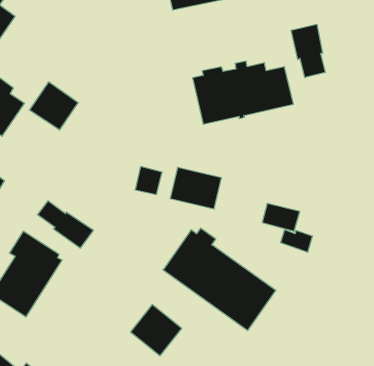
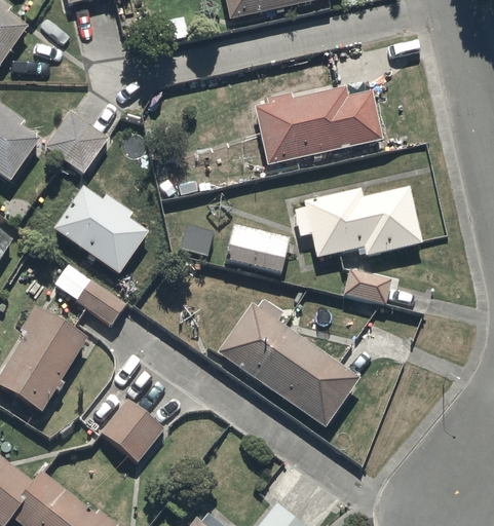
building: [291,24,325,78] -> none
building: none -> [52,186,148,275]
building: none -> [294,187,420,258]
building: [131,305,182,356] -> [100,397,165,462]

